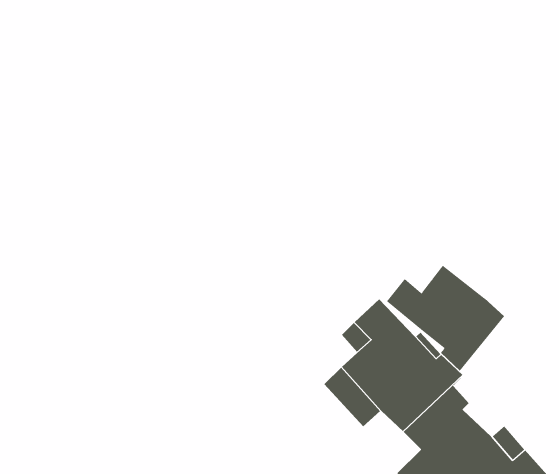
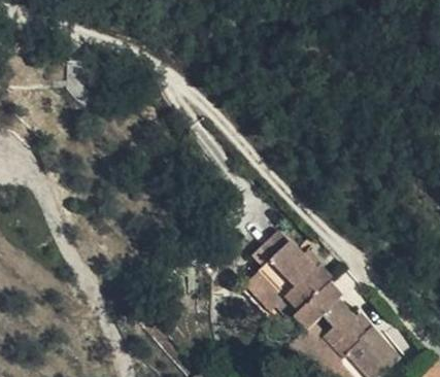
building: [386,265,505,371] -> none

